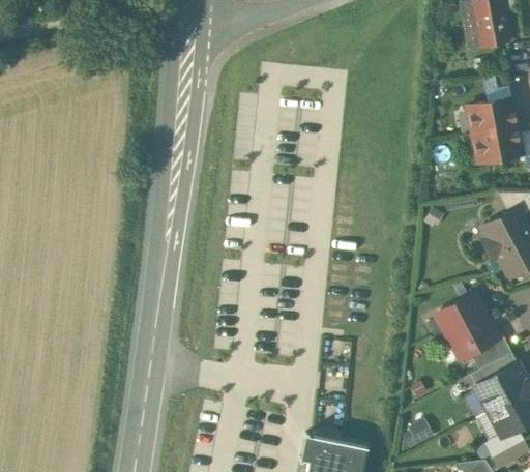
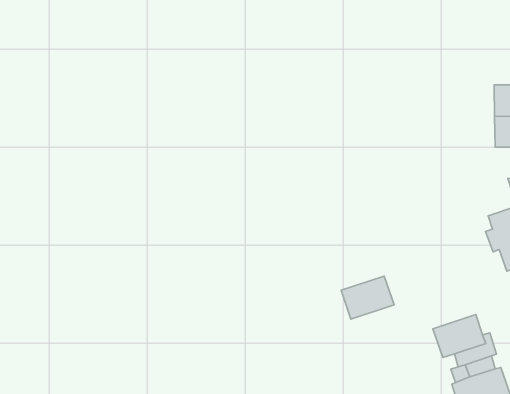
building: [435,296,485,341] -> [341,276,394,319]

